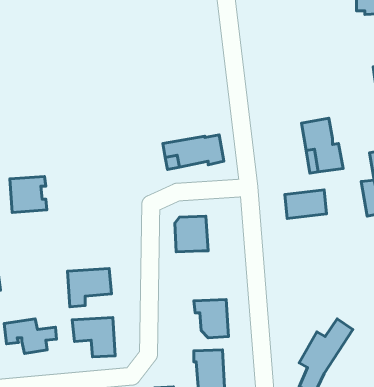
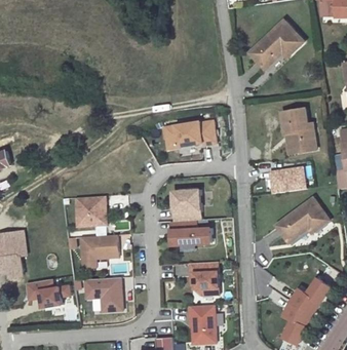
building: none -> [250,20,304,69]
building: [10,177,47,212] -> [75,196,107,227]
building: none -> [277,197,330,241]
building: none -> [171,220,213,243]

